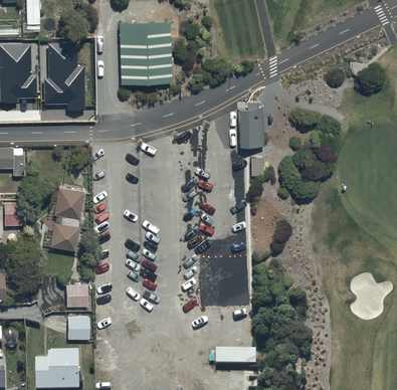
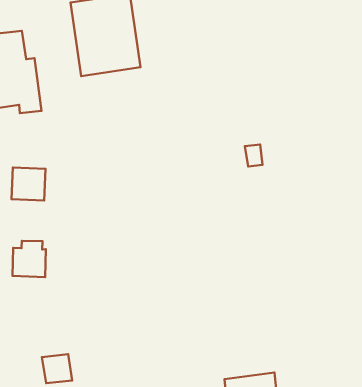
building: [240,102,265,147] -> none
building: [51,187,82,217] -> [11,168,45,200]
building: [65,281,87,309] -> none

